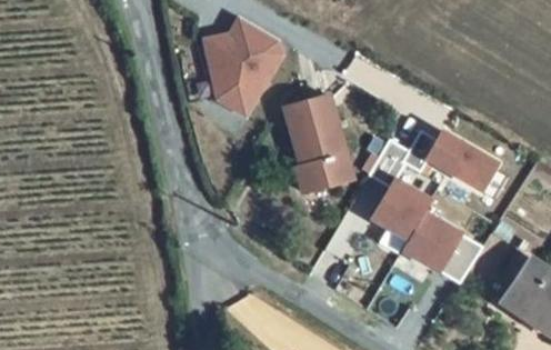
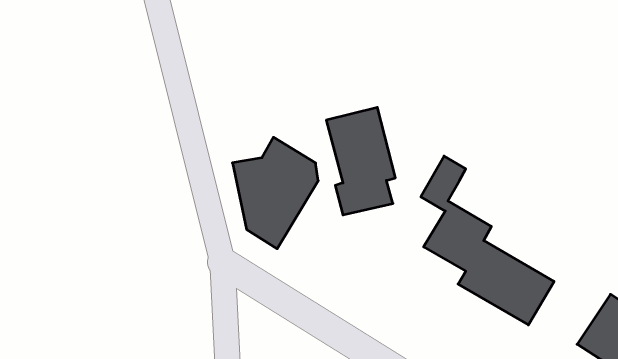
building: [202,18,277,114] -> [232,137,318,249]
building: [402,130,497,189] -> none

